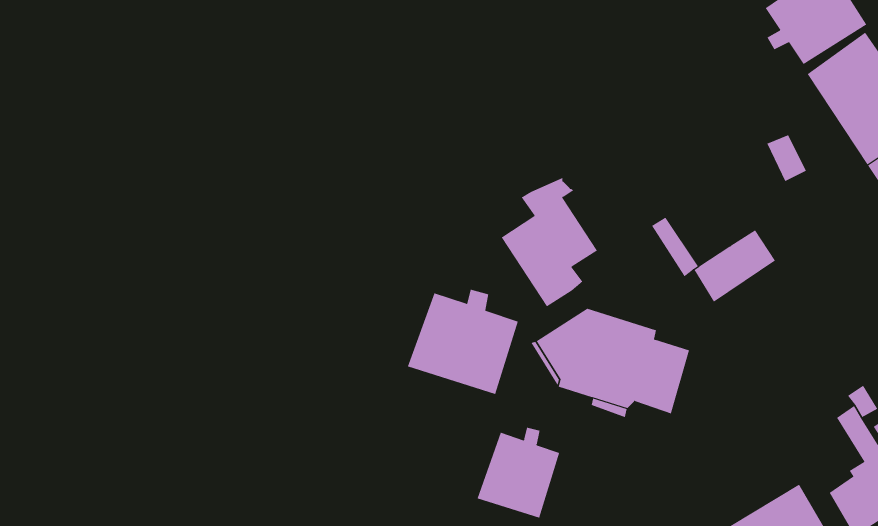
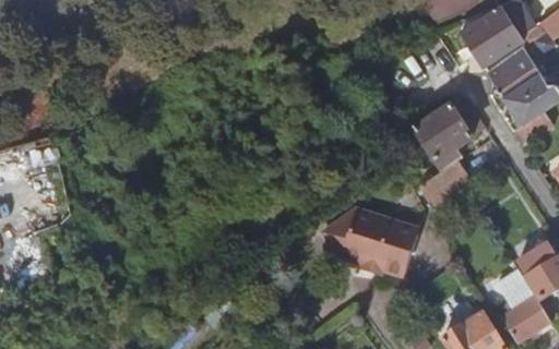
building: [501,177,598,307] -> [415,95,473,172]
building: [407,289,518,395] -> none
building: [477,427,560,519] -> none

